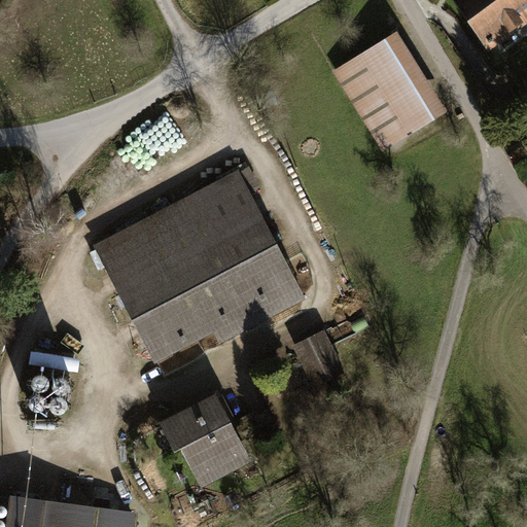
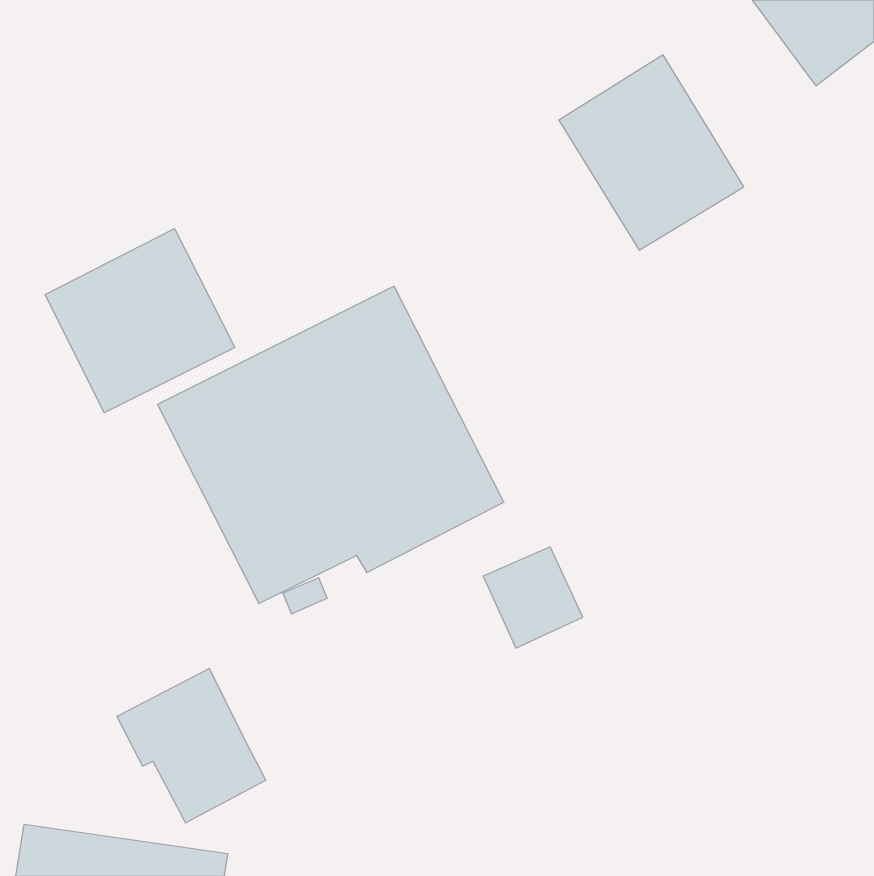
building: none -> [45,229,235,413]
building: [161,395,250,488] -> [117,669,266,823]

